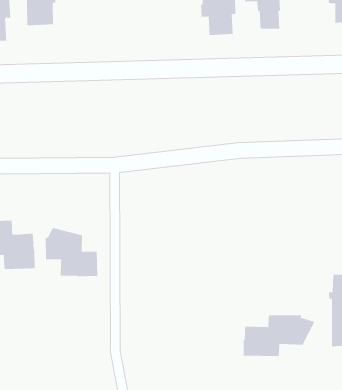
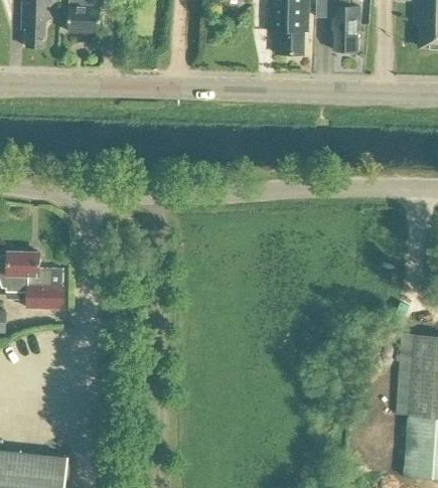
building: [45,227,98,277] -> none
building: [243,314,315,357] -> none

